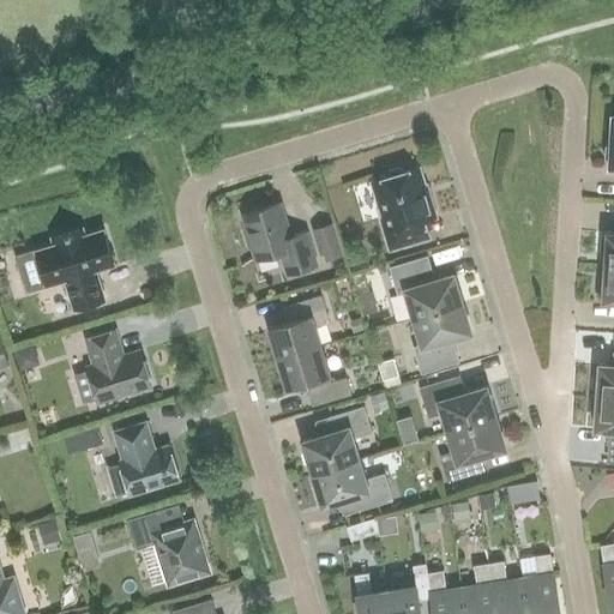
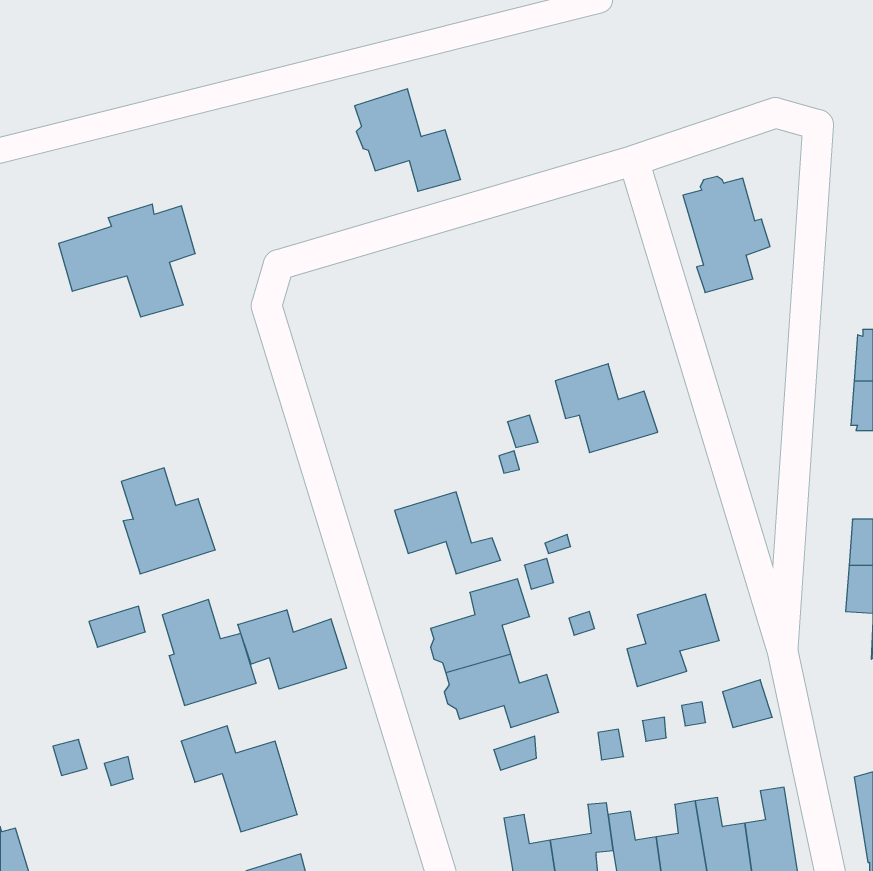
building: [374,169,435,251] -> [683,176,770,293]
building: [242,204,317,276] -> [355,89,461,191]
building: [311,223,343,261] -> none
building: [17,230,113,309] -> [59,204,195,317]
building: [269,296,330,360] -> none
building: [414,305,470,374] -> none
building: [419,378,495,433] -> none
building: none -> [238,610,346,689]

